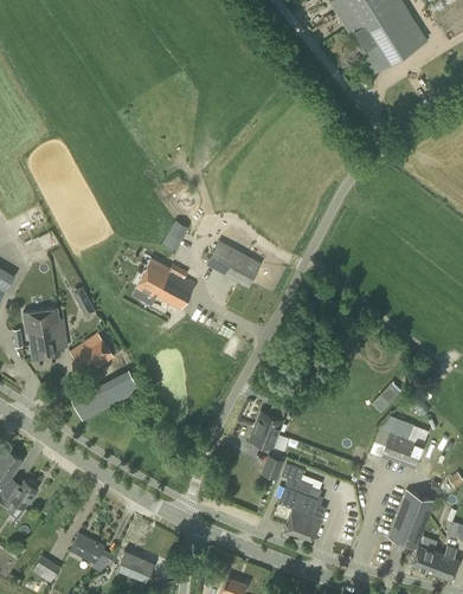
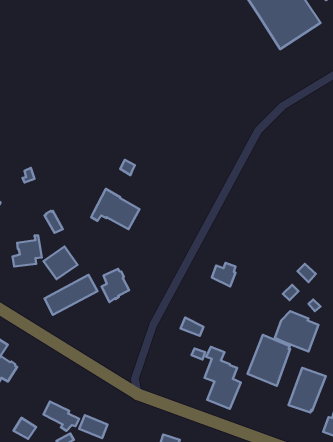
building: [206,243,261,288] -> none
building: [22,308,59,346] -> none
building: none -> [101,269,129,302]
building: [253,406,284,437] -> [212,263,236,287]
building: none -> [248,335,290,386]
building: [410,544,439,573] -> none

